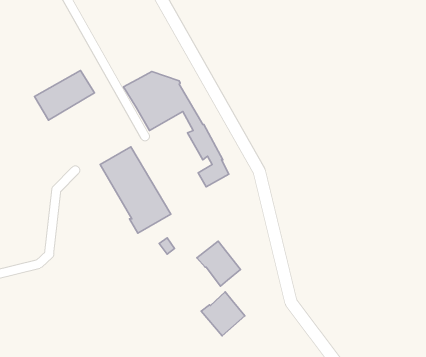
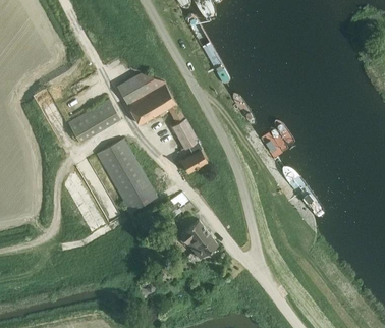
building: [34,71,95,120] -> [67,99,119,142]
building: [201,292,245,336] -> none

